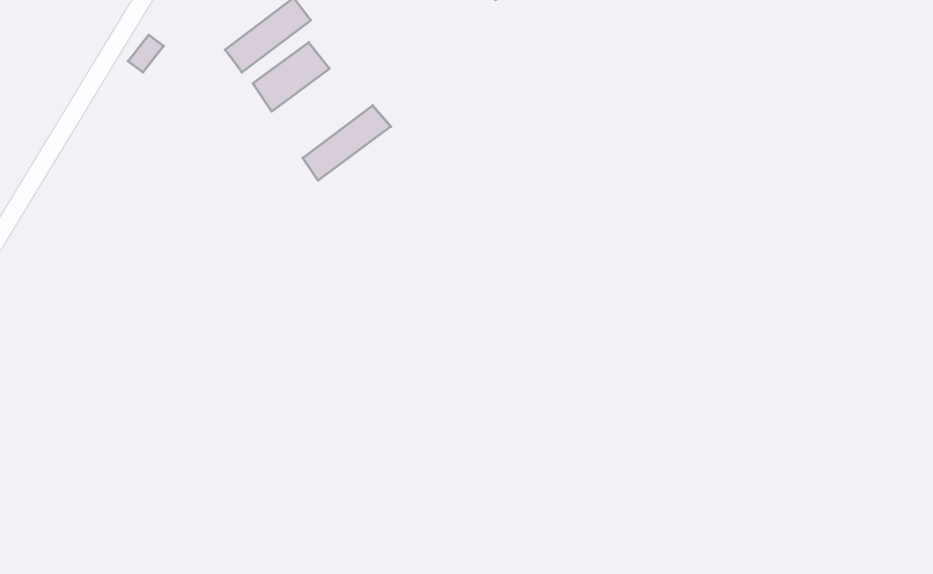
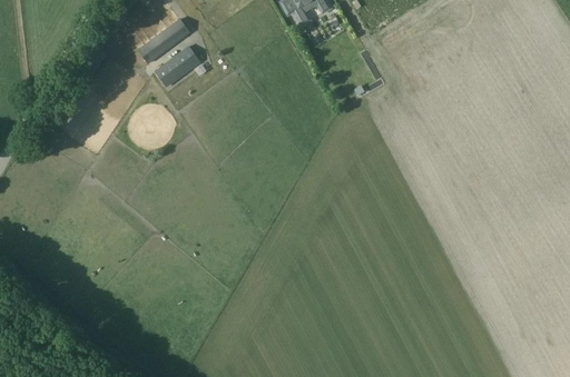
building: [303,105,391,180] -> none

